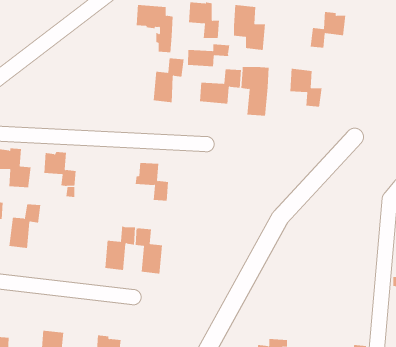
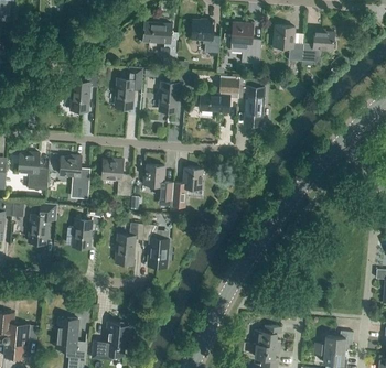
building: [188,43,230,67] -> none
building: none -> [115,67,143,108]
building: none -> [71,71,98,110]
building: [290,68,322,107] -> [274,25,303,61]
building: none -> [101,159,131,196]
building: none -> [171,167,203,207]
building: none -> [72,207,101,247]

